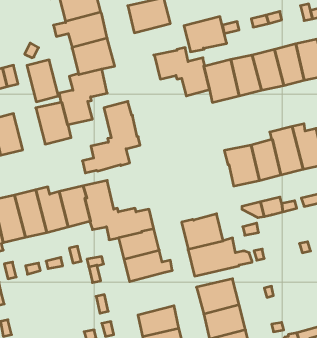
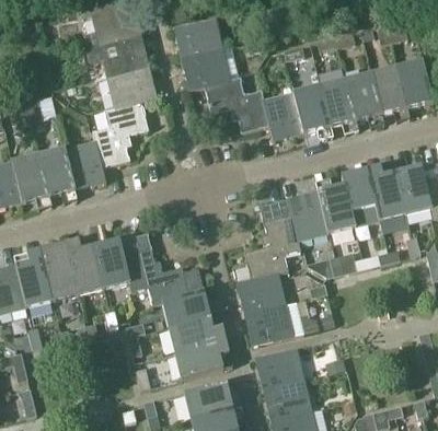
building: [184,17,227,52] -> [181,48,231,90]
building: [27,60,58,102] -> [38,148,76,197]
building: [82,101,140,173] -> [233,198,301,282]
building: none -> [175,339,230,380]

